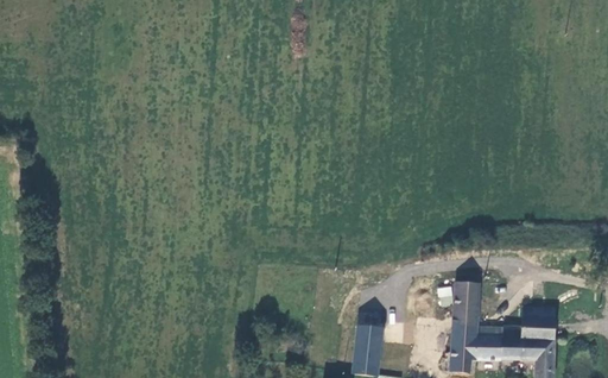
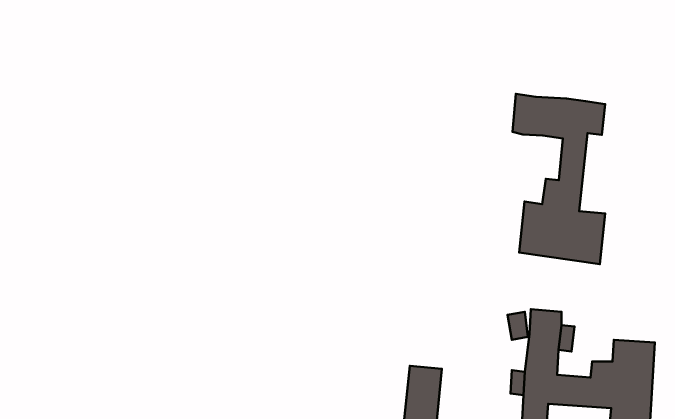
building: none -> [512,94,605,264]

